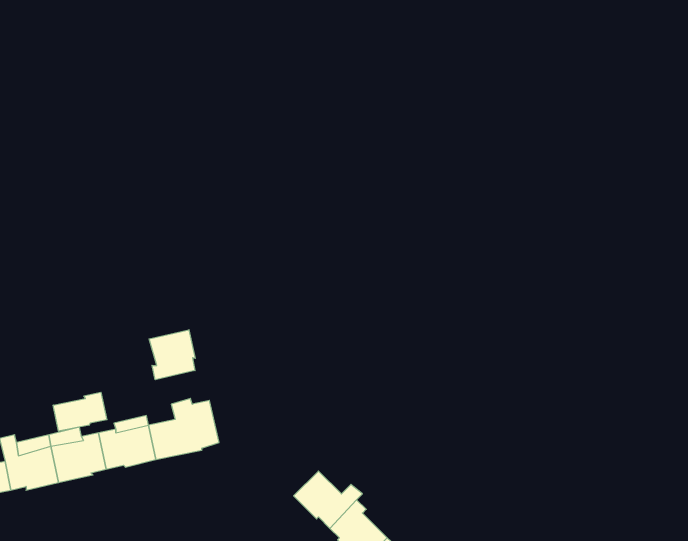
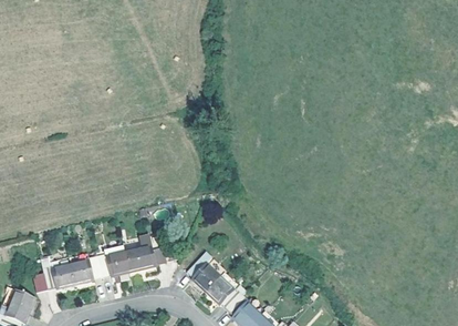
building: [149,330,195,380] -> none
building: [53,392,107,431] -> none
building: none -> [191,254,225,294]

